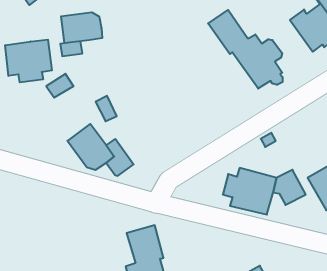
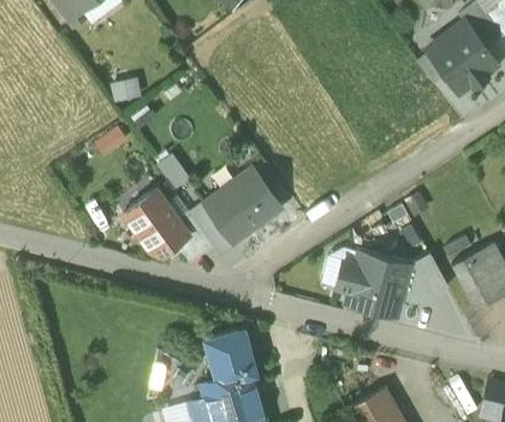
building: [208,10,283,89] -> none
building: [61,12,102,43] -> none
building: [5,40,52,82] -> none
building: none -> [204,170,280,242]

